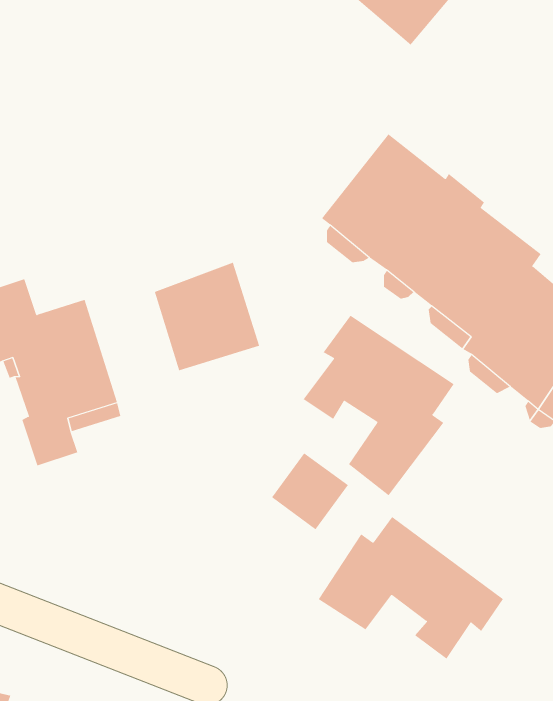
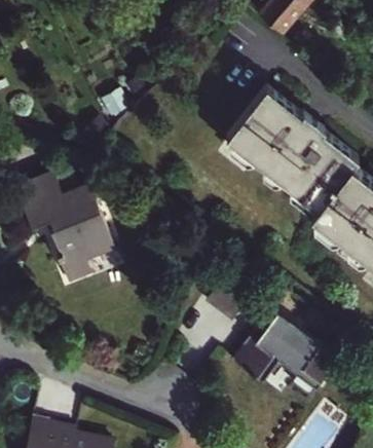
building: [154,262,260,371] -> none
building: [303,315,455,496] -> none

